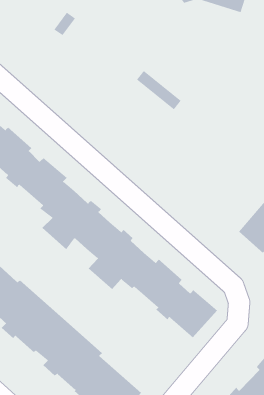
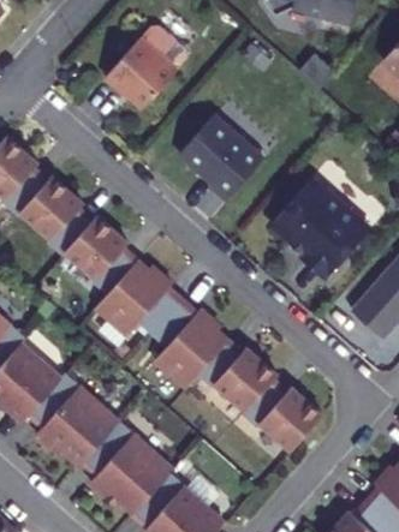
building: none -> [103,29,184,112]
building: none -> [177,118,262,203]
building: none -> [269,180,368,282]

